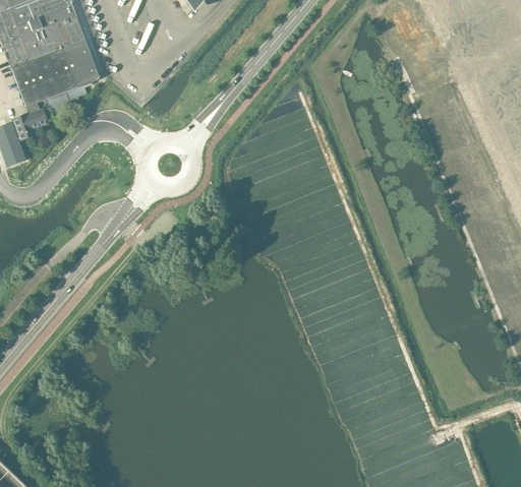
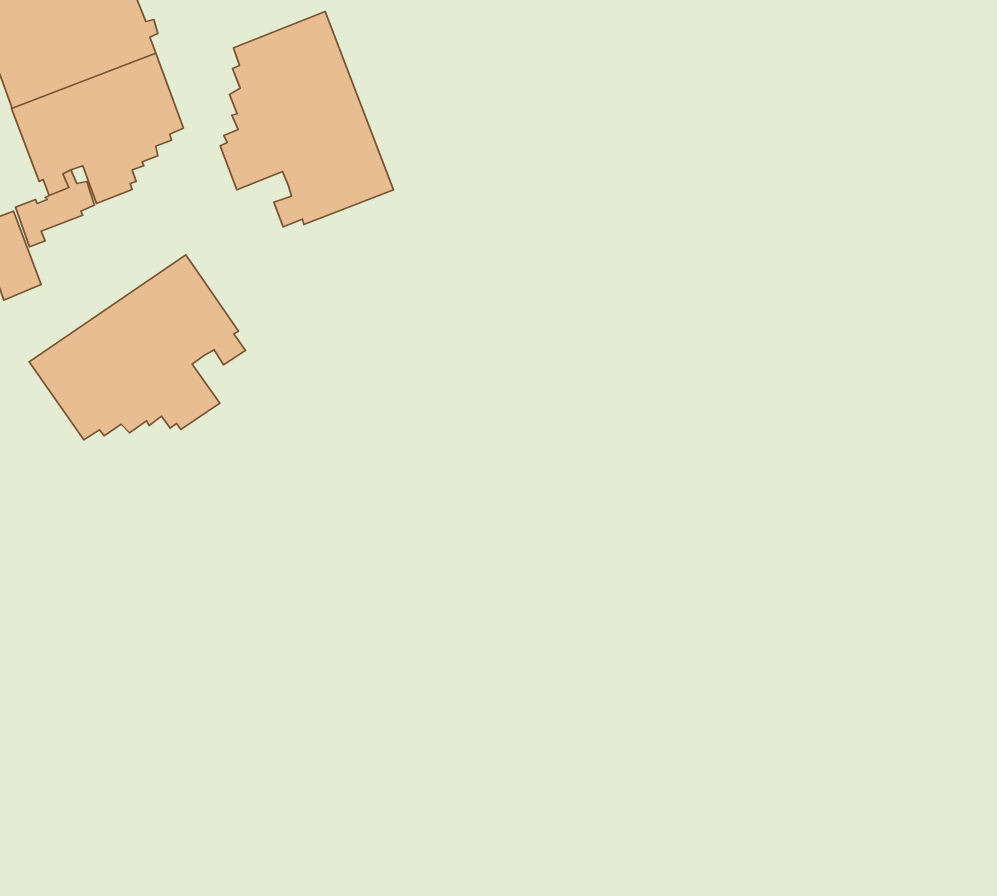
building: none -> [220,11,393,227]
building: none -> [29,255,245,440]

